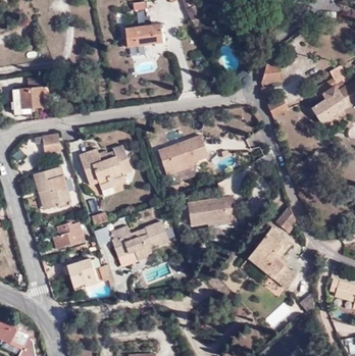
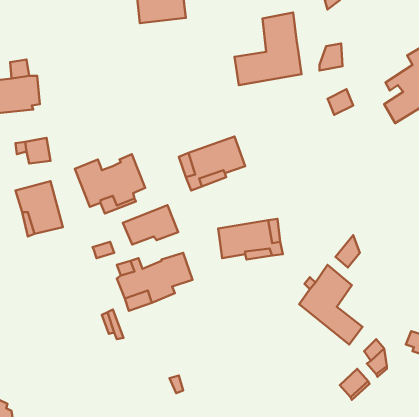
building: none -> [234,12,301,85]
building: none -> [123,205,178,244]
building: [51,216,82,248] -> none
building: [62,259,97,287] -> none

